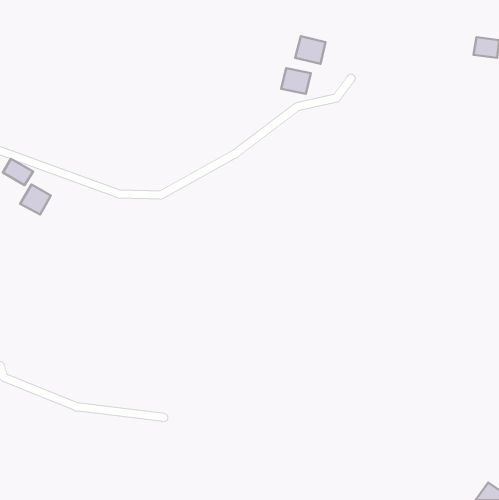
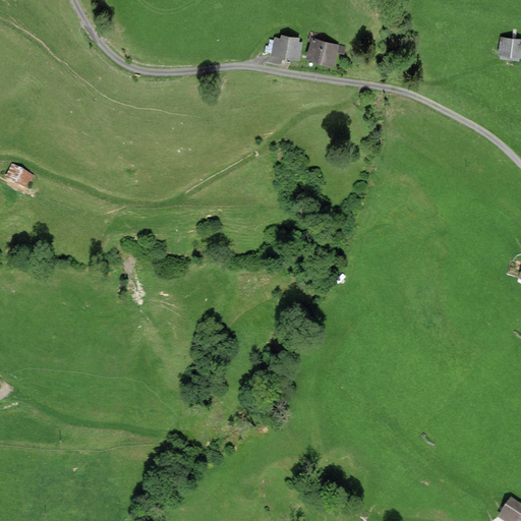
building: [281,68,311,94] -> [274,34,304,60]
building: [20,184,51,214] -> none

